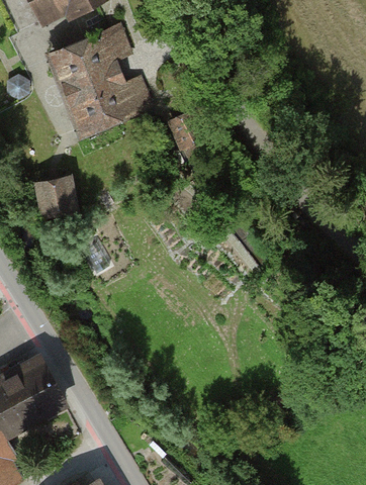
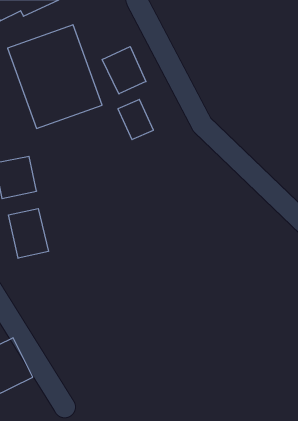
building: none -> [102,47,146,94]
building: none -> [9,209,48,258]

